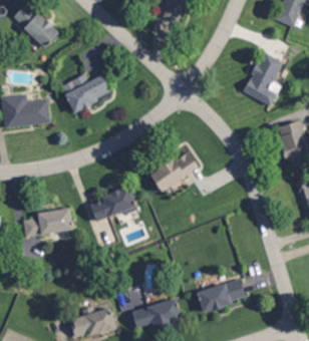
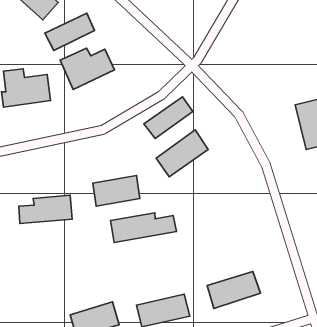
building: none -> [45,13,95,50]
building: [243,51,283,105] -> none
building: none -> [144,97,193,139]
building: none -> [110,213,177,243]

